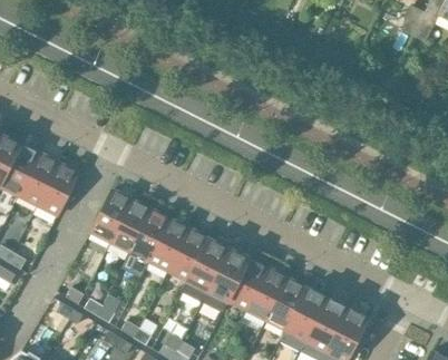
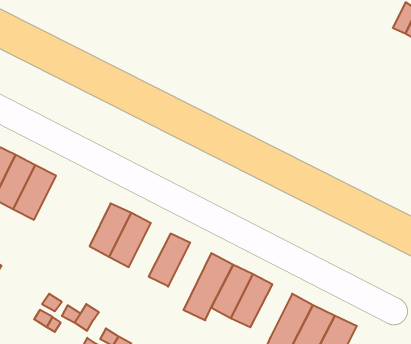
building: [90,189,130,241] -> none
building: [148,218,188,270] -> none
building: [179,237,227,302] -> none
building: [265,278,305,329] -> none

